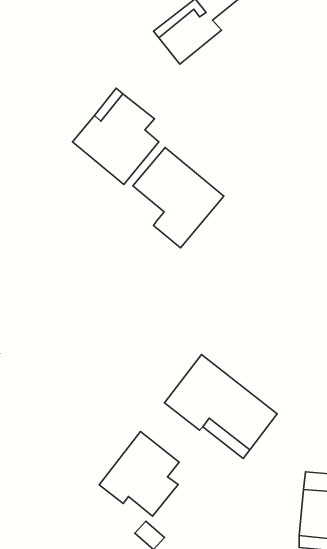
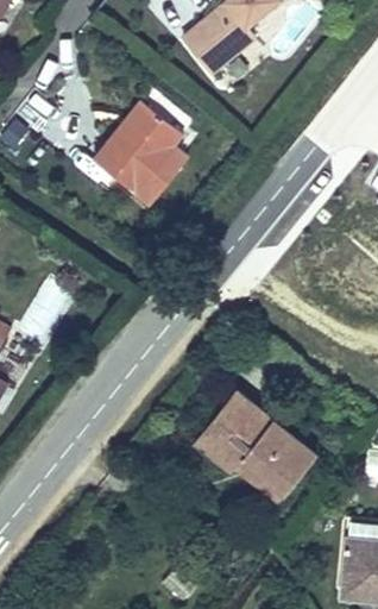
building: [133,148,224,248] -> none
building: [99,432,179,516] -> none

